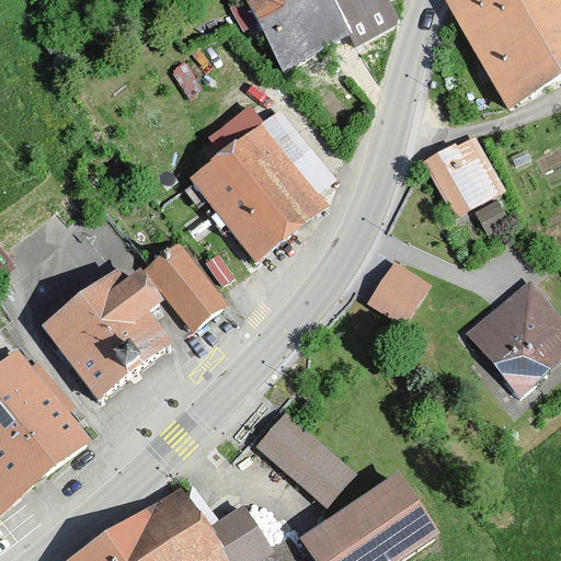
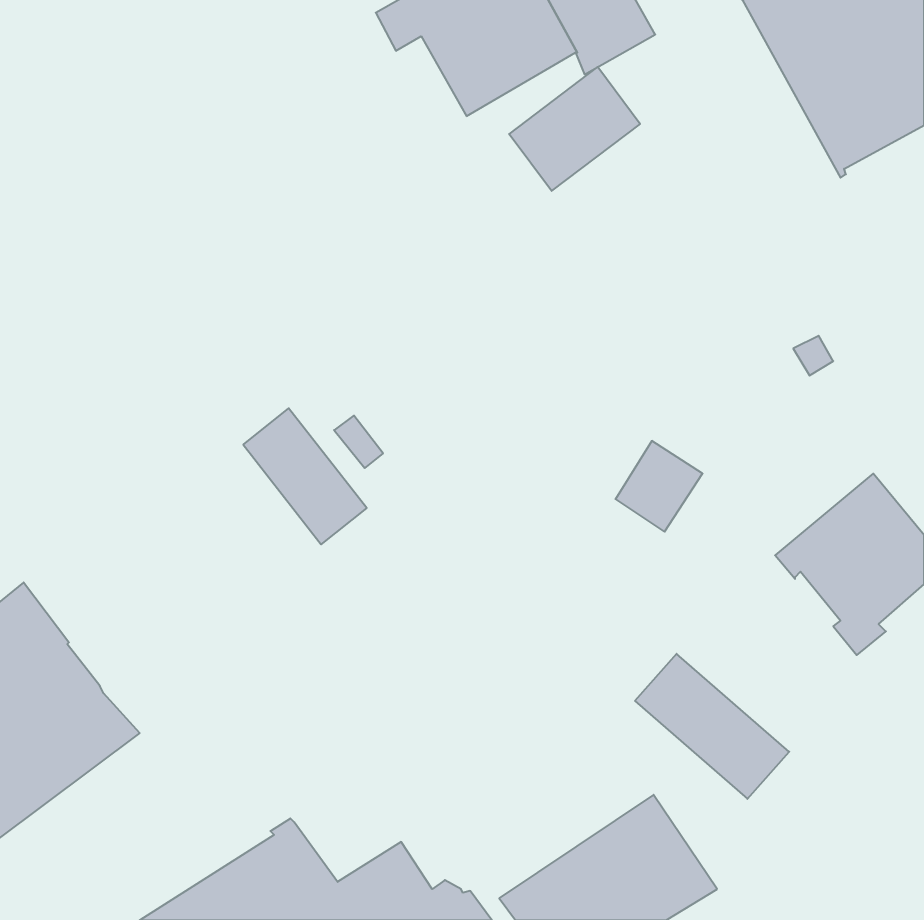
building: none -> [509,67,640,191]
building: [192,107,328,263] -> none
building: [426,141,497,211] -> none
building: [44,274,169,401] -> none
building: [257,416,351,504] -> [635,654,789,799]

